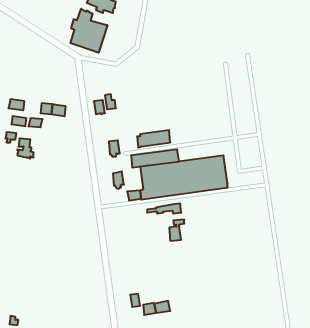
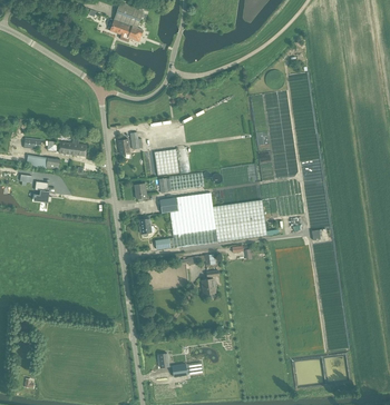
building: [70,9,107,53] -> none
building: none -> [153,148,177,175]

